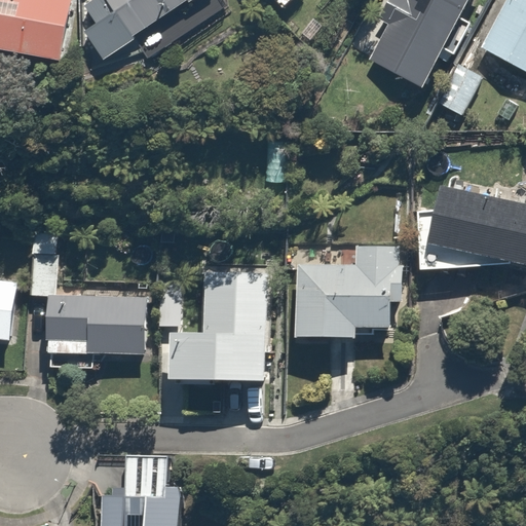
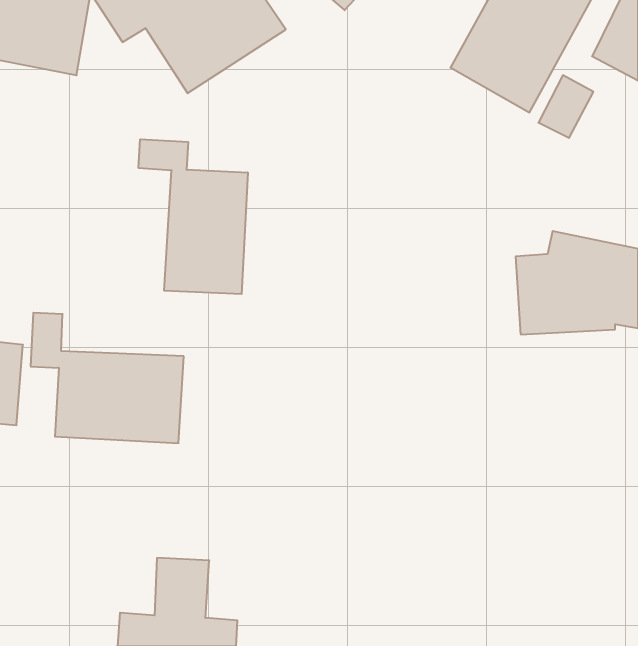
building: none -> [139,139,248,294]
building: [295,246,398,340] -> none
building: [174,269,270,383] -> none

